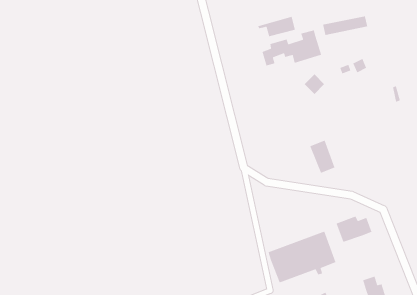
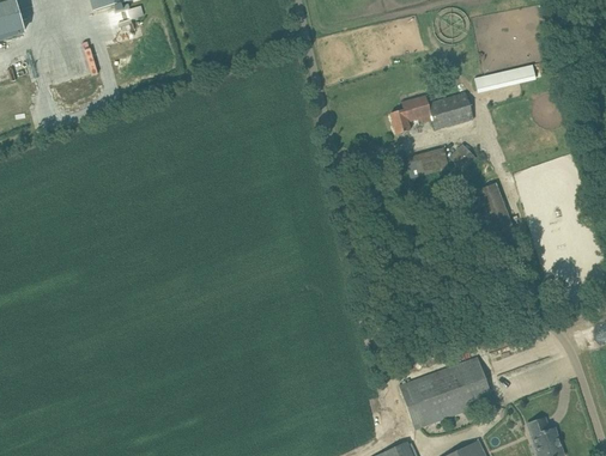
building: [257,16,296,37] -> [395,148,448,177]
building: [309,140,336,174] -> [473,182,509,229]
building: [335,215,372,243] -> none

